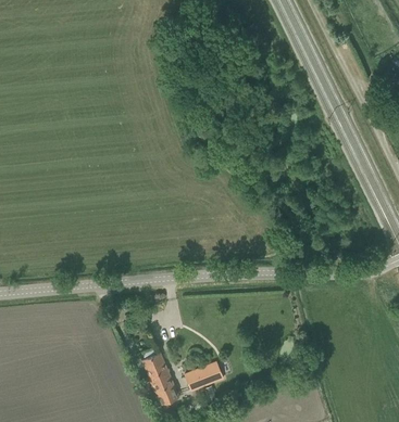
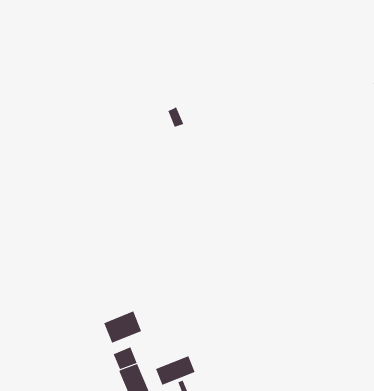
building: none -> [103,311,142,343]

